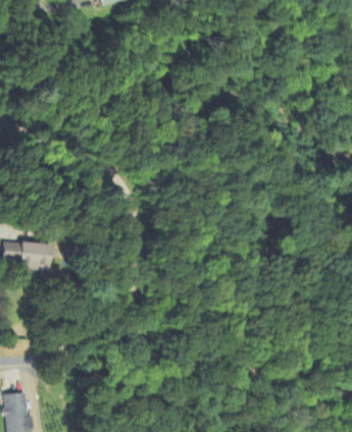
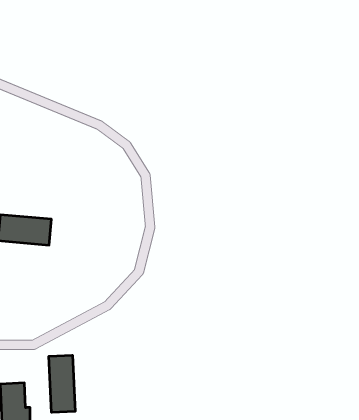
building: none -> [49,355,75,412]

